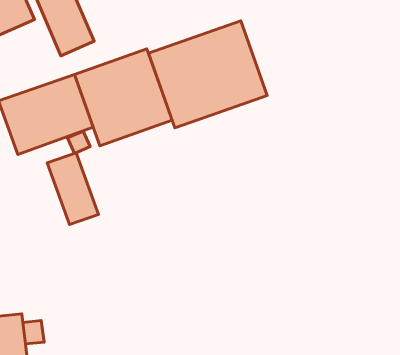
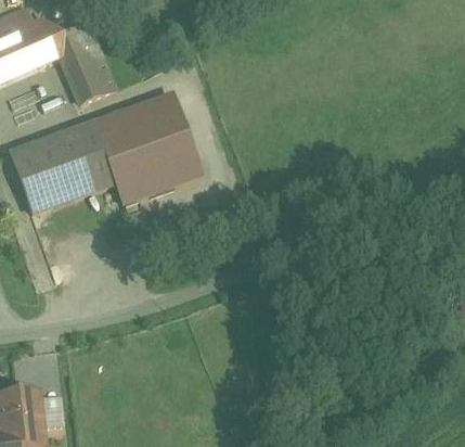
building: [149,21,267,128] -> none
building: [47,153,98,224] -> none

